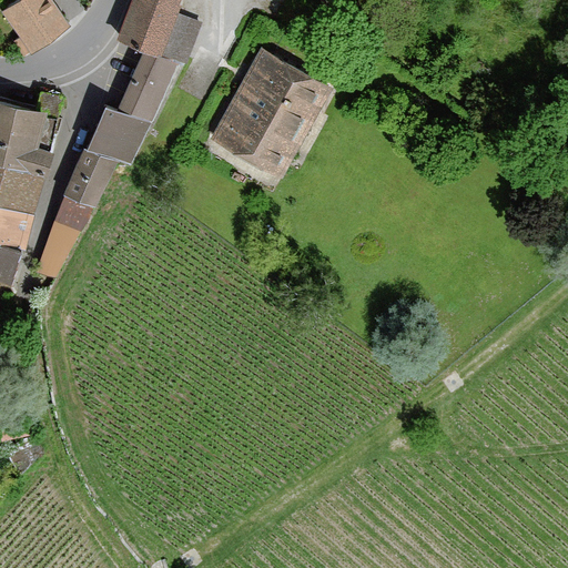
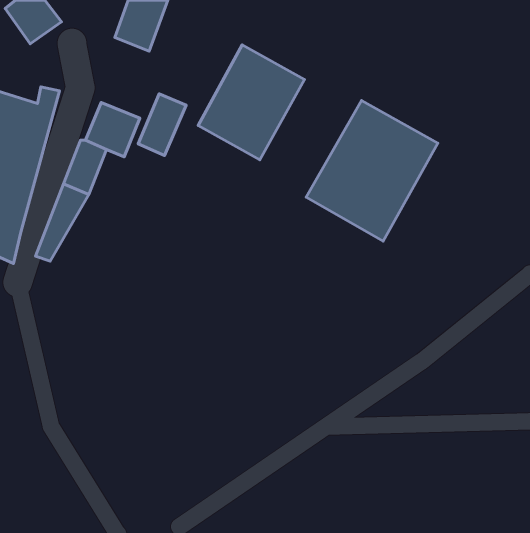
building: [163,17,199,65] -> none
building: [122,55,173,121] -> [138,94,186,155]
building: none -> [306,100,438,241]

